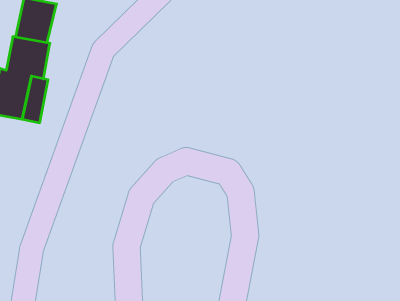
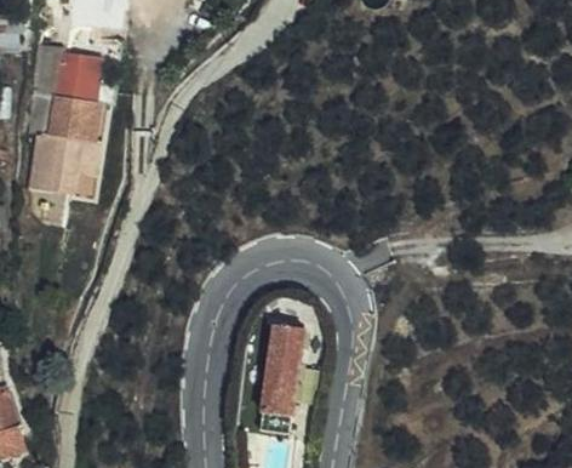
building: none -> [265,315,307,424]

